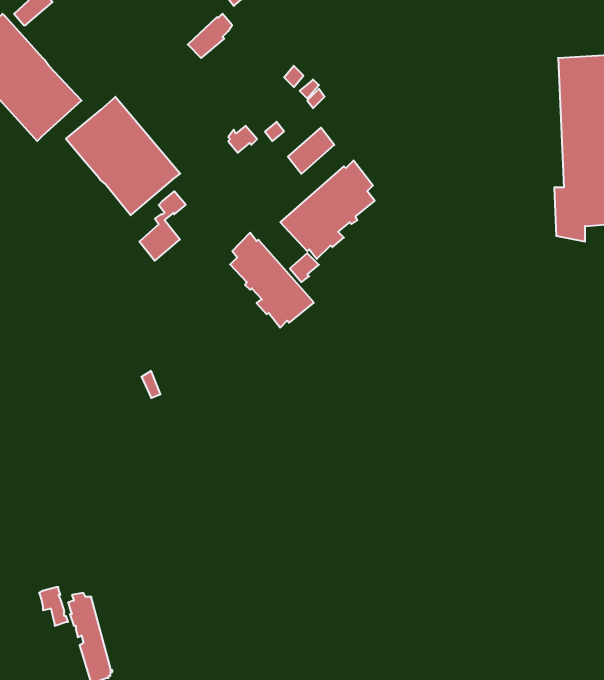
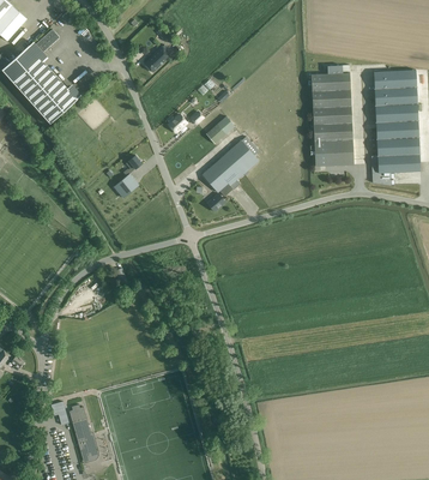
building: none -> [310,72,352,166]
building: [66,97,180,215] -> none
building: [230,233,314,328] -> none

